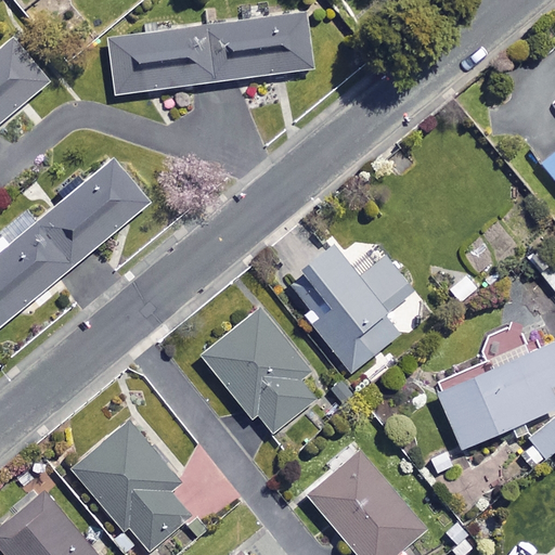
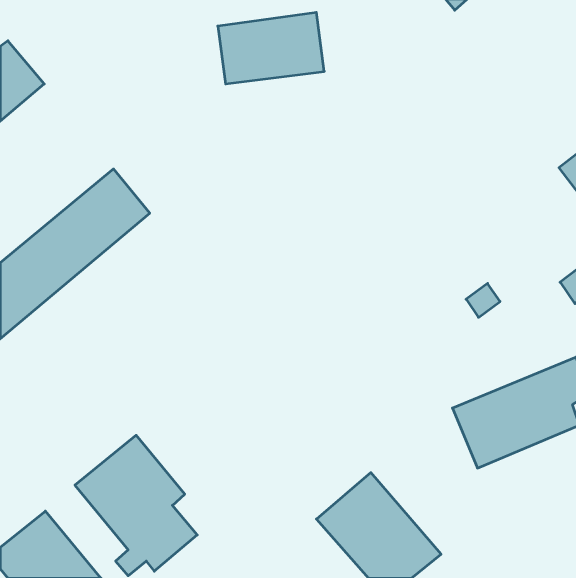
building: [111,25,219,93] -> none
building: [287,247,412,373] -> none
building: [202,309,324,433] -> none

